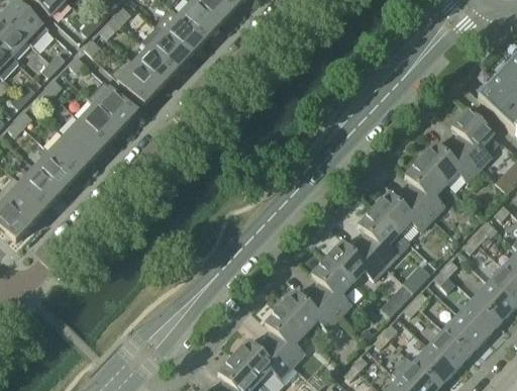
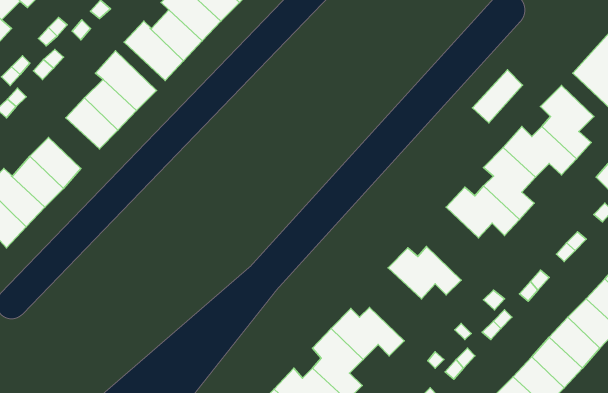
building: none -> [472,70,523,123]
building: [49,134,91,176] -> none
building: [357,207,400,267] -> none
building: [311,257,353,316] -> none

